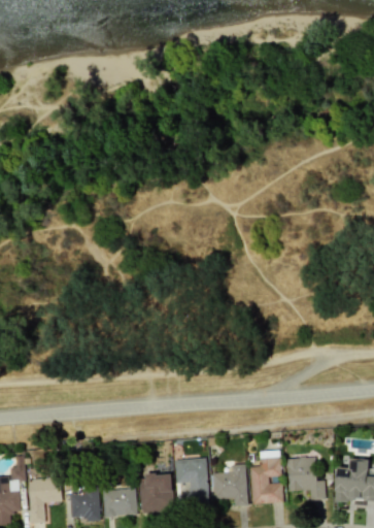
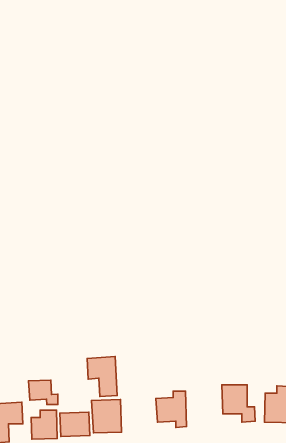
building: [250,451,283,504] -> none
building: none -> [29,380,58,405]
building: [175,458,209,503] -> [87,357,117,396]

